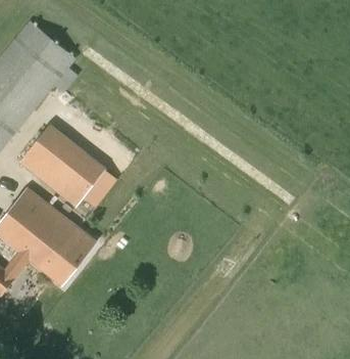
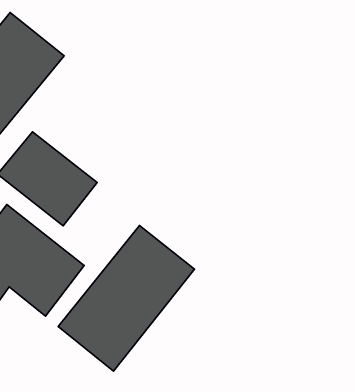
building: none -> [58,226,194,371]

